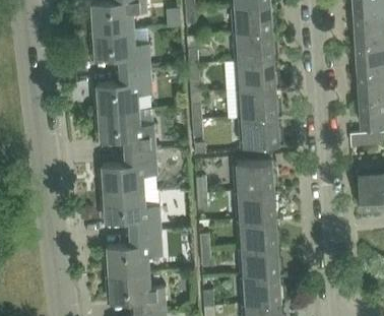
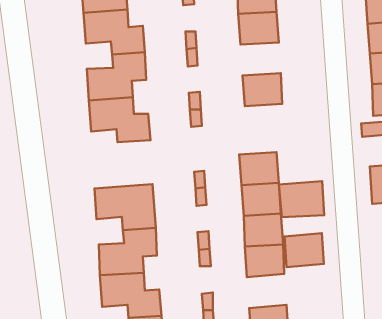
building: [238,59,275,89] -> none
building: [242,116,278,146] -> none
building: [101,149,155,194] -> none
building: none -> [279,181,324,217]
building: [244,273,280,305] -> [284,233,324,267]

